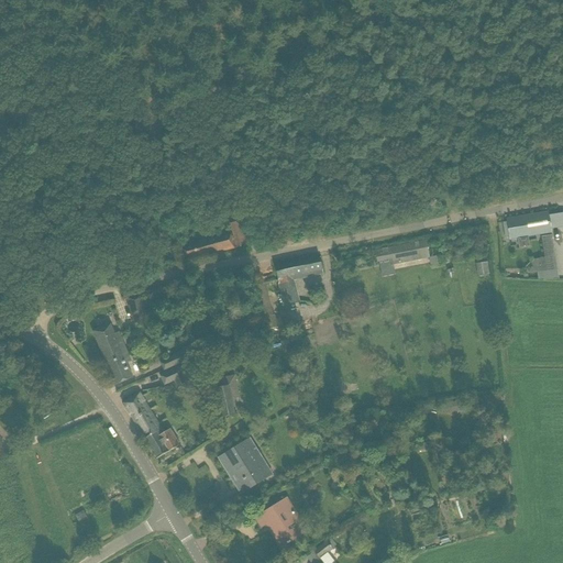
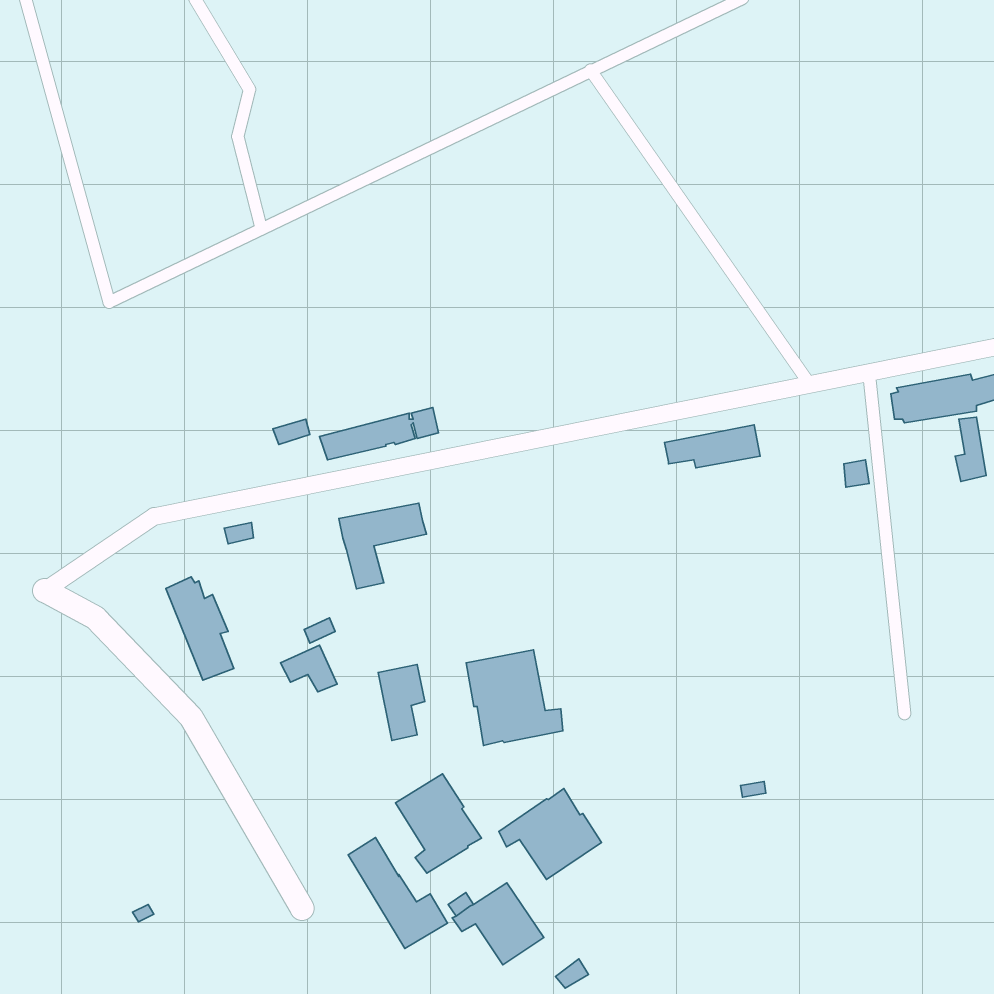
building: [275,256,324,305] -> [339,503,427,589]
building: none -> [466,650,563,745]
building: [125,396,181,459] -> [348,837,448,949]
building: none -> [499,789,601,880]

